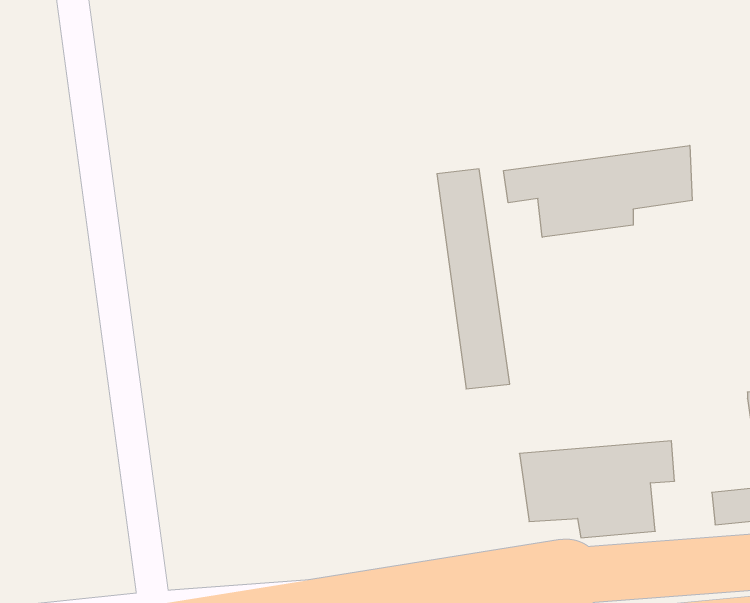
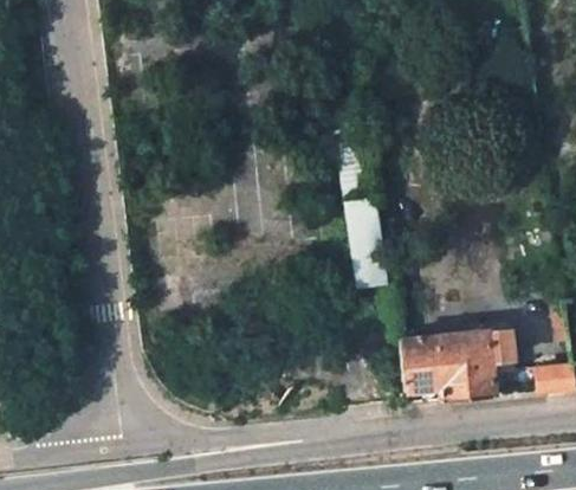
building: [504,145,692,237] -> none

